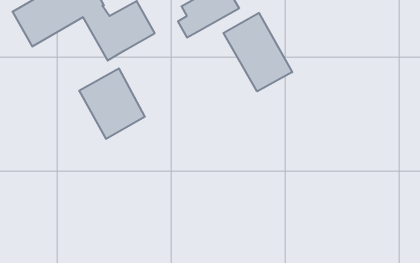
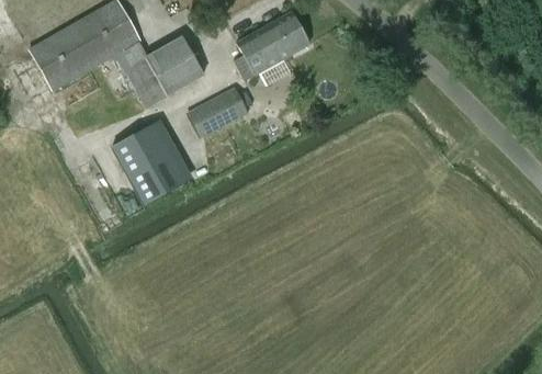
building: [223,13,292,91] -> none
building: none -> [187,87,249,138]

